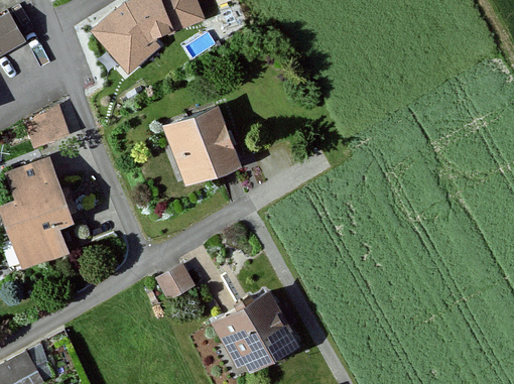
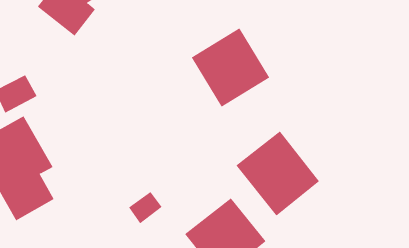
building: [158,102,244,188] -> [191,28,270,107]
building: none -> [236,131,320,217]

